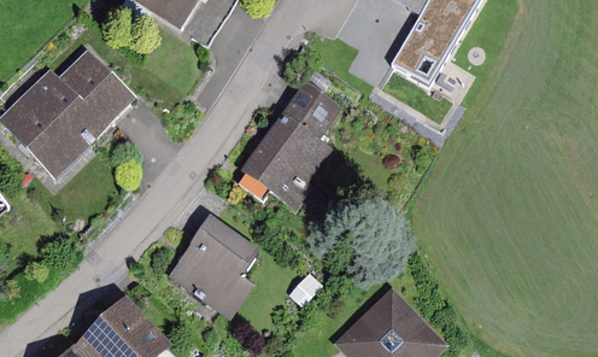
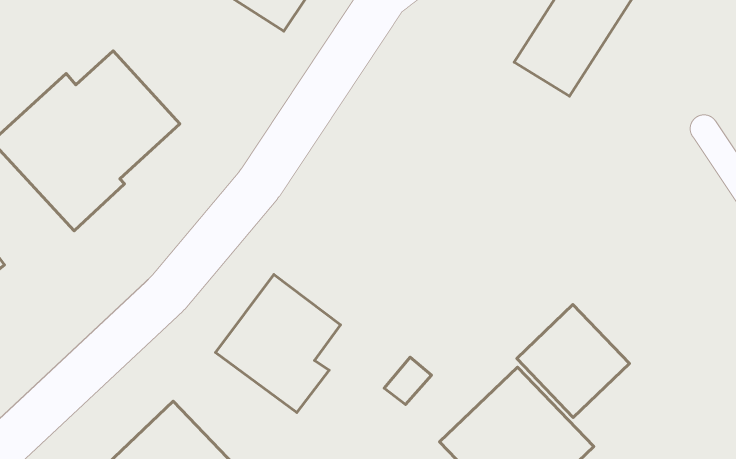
building: [242,89,340,212] -> none
building: none -> [517,305,629,417]

